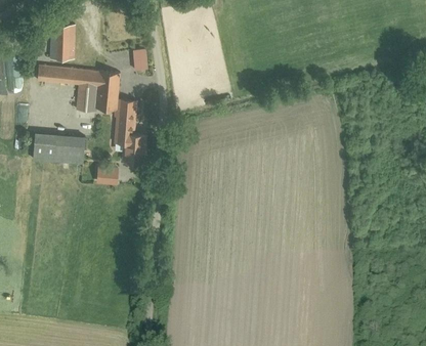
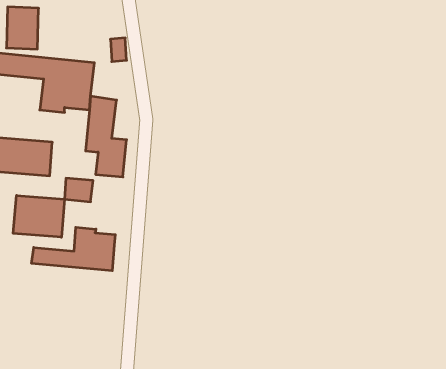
building: none -> [13,195,65,237]
building: none -> [32,227,115,271]

